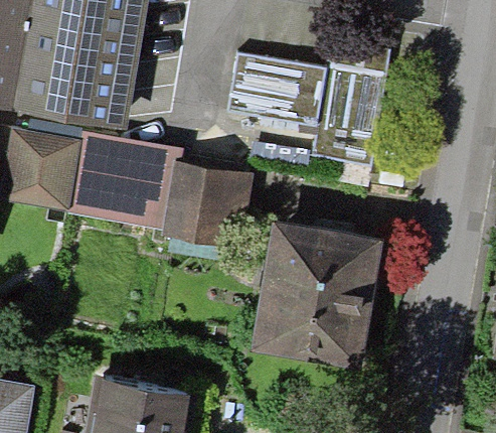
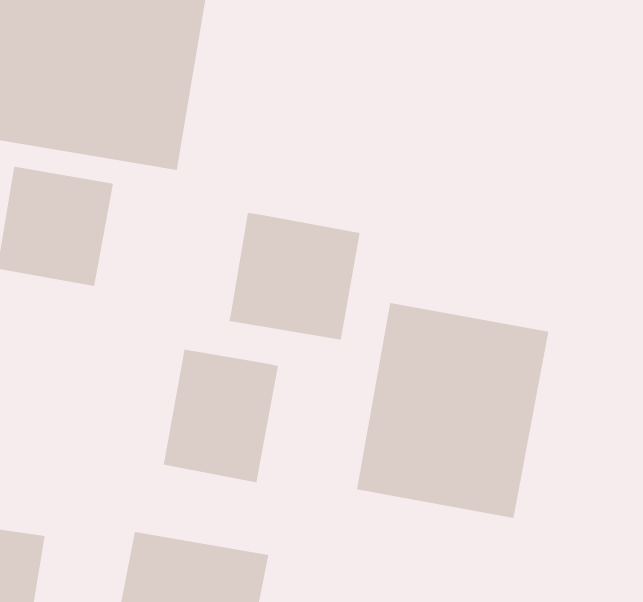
building: [227,35,390,165] -> none
building: [68,129,184,230] -> none
building: none -> [163,349,278,483]

